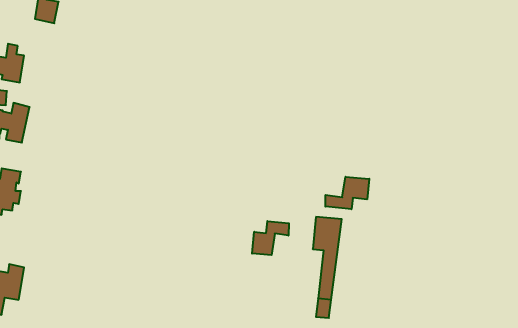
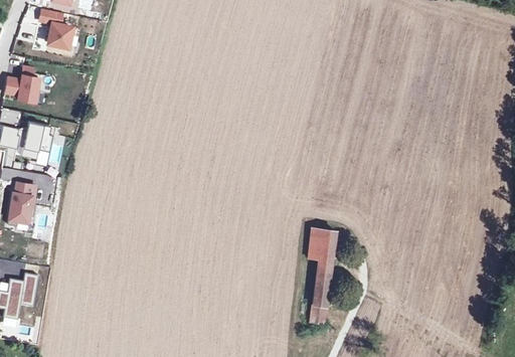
building: [325,177,369,209] -> none
building: [252,221,289,255] -> none

